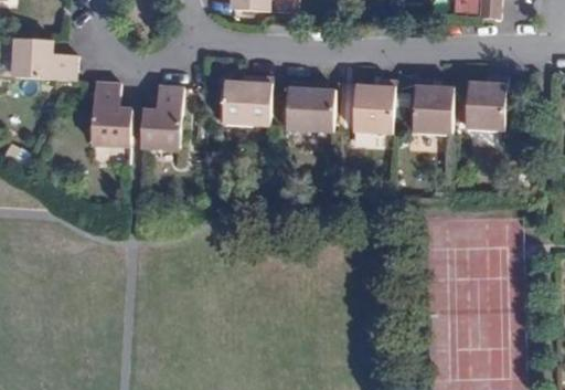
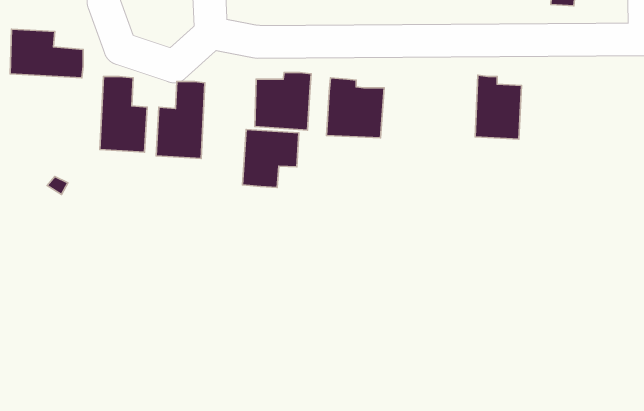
building: [456,76,507,130] -> none
building: [353,80,394,135] -> none
building: none -> [242,130,299,187]

